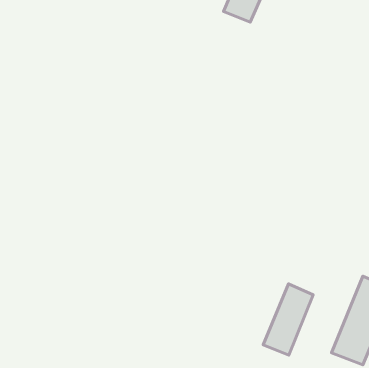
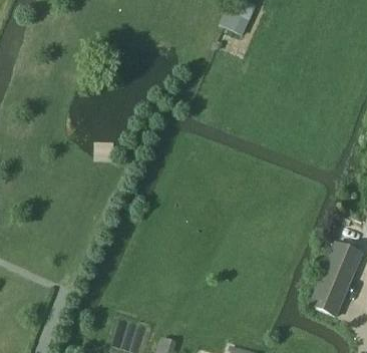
building: [263,284,313,355] -> none

